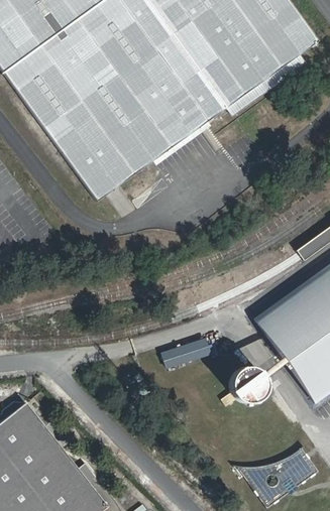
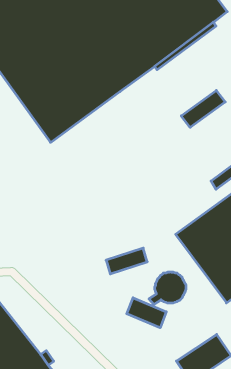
building: none -> [181,90,225,127]
building: none -> [127,298,166,328]

